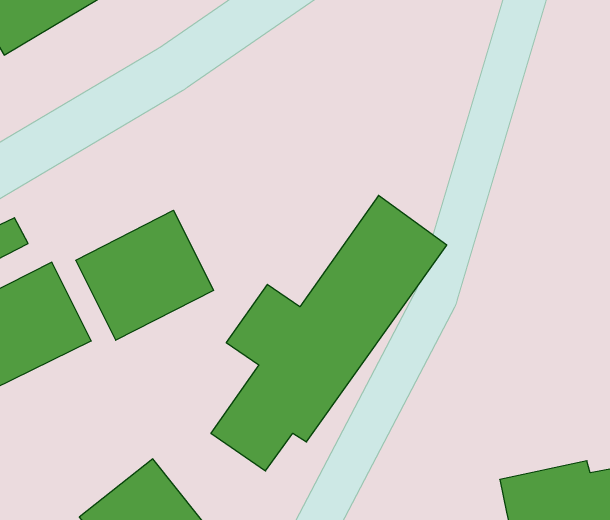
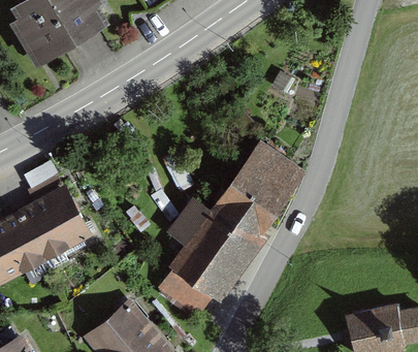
building: [76,210,213,340] -> none

